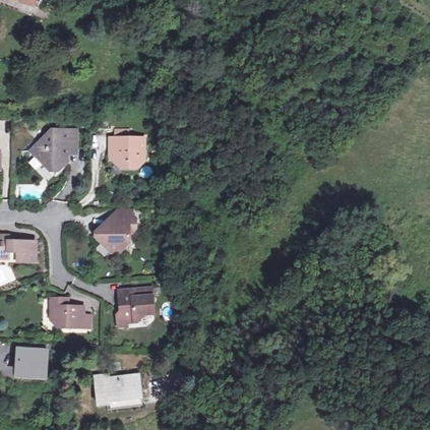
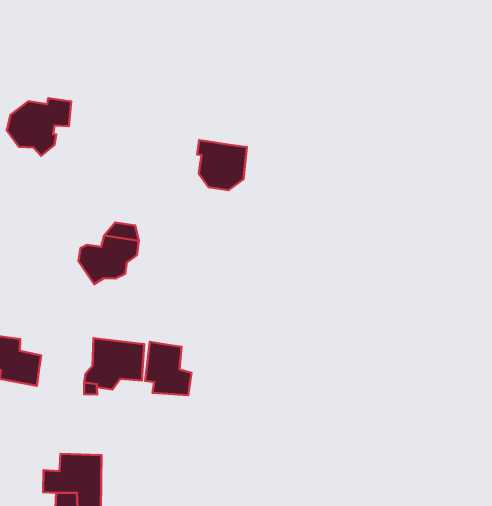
building: [111,135,145,167] -> [197,140,247,190]
building: none -> [145,342,192,395]

